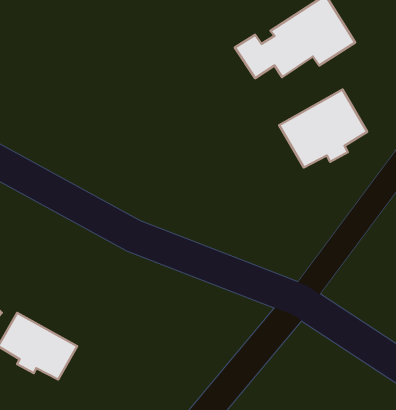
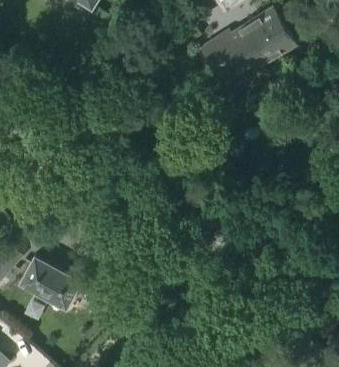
building: [279,89,367,168] -> none

